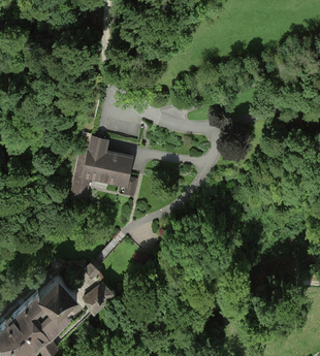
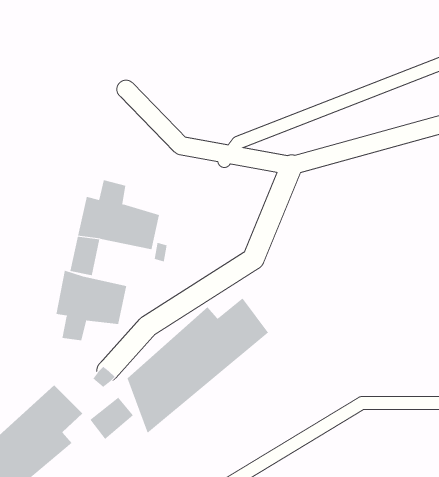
building: none -> [56,270,127,341]
building: none -> [127,297,269,434]

